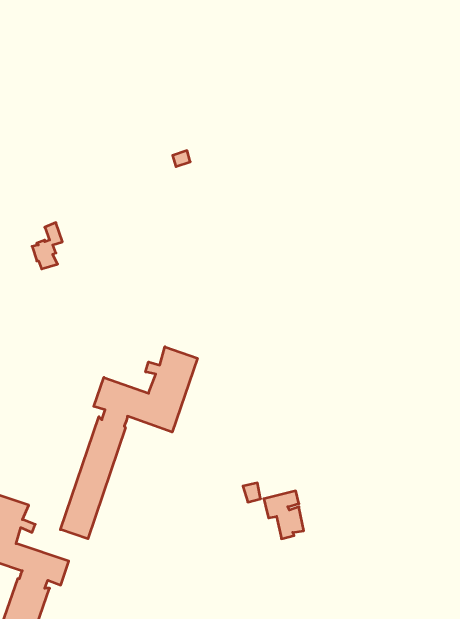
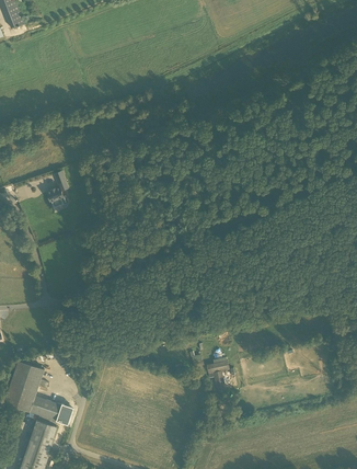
building: [60,347,197,539] -> none

